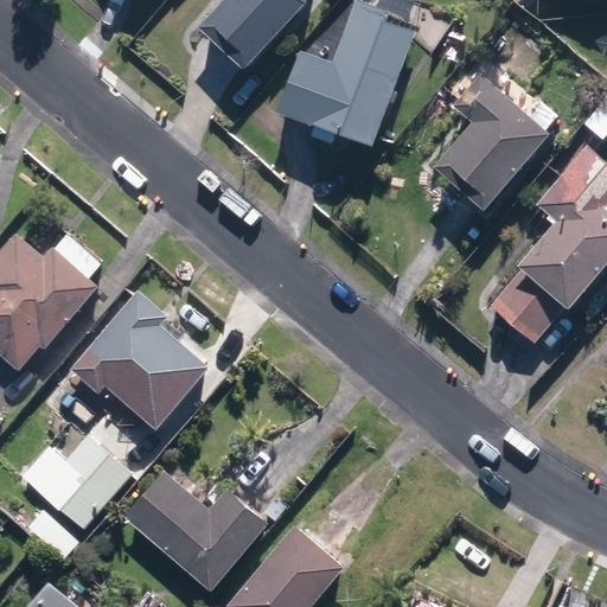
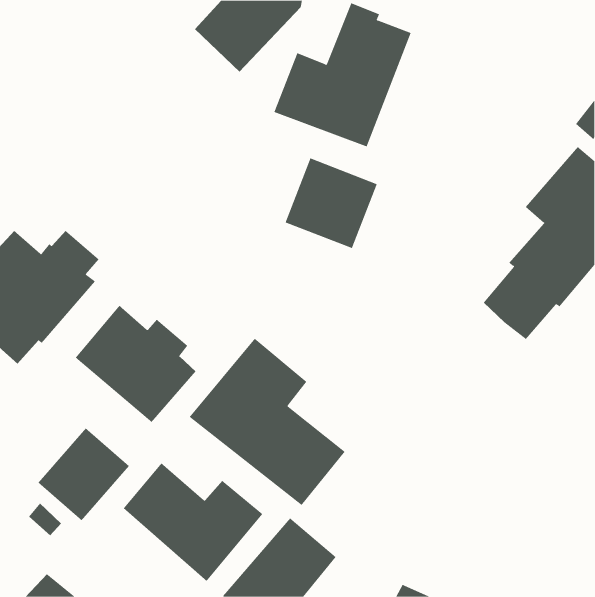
building: [433,76,550,213] -> none
building: none -> [285,158,378,249]
building: none -> [189,338,345,506]

